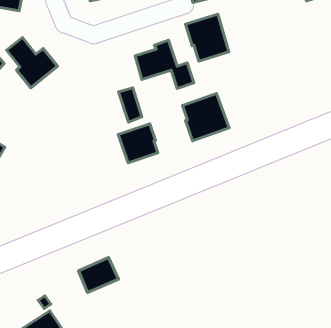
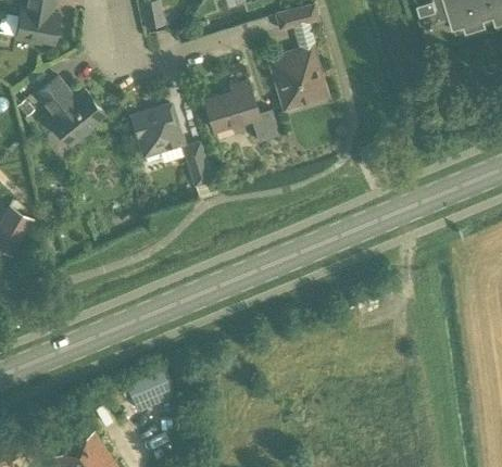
building: none -> [130,105,183,157]
building: [182,94,229,141] -> none
building: [118,124,158,163] -> none

